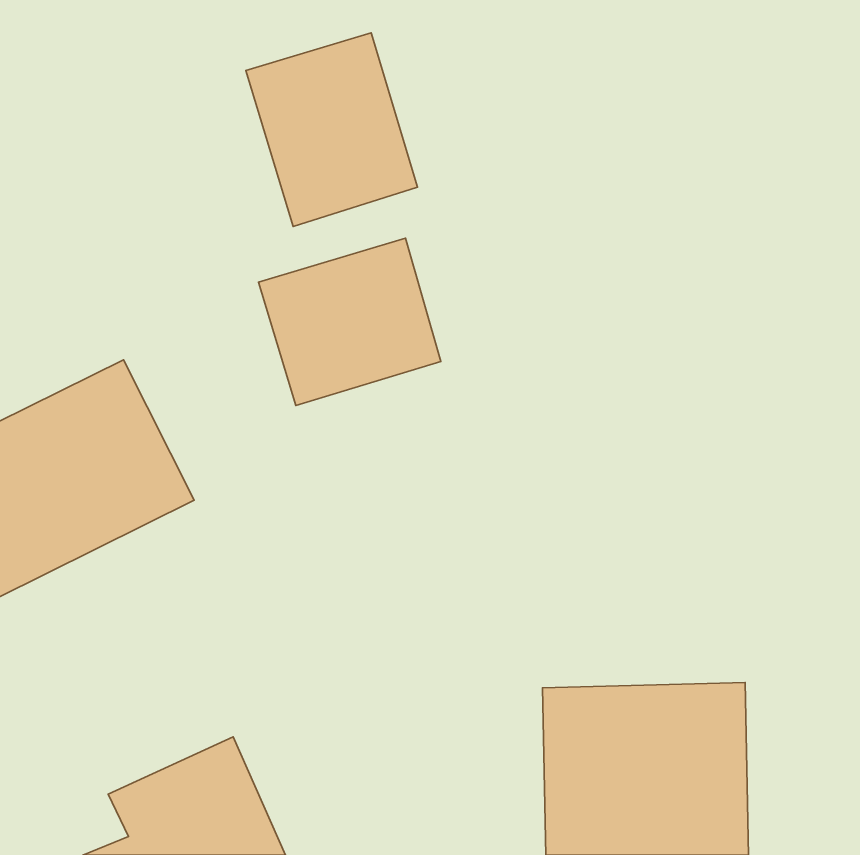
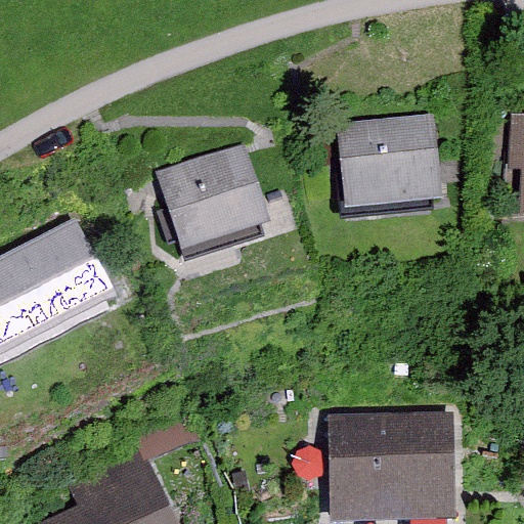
building: [246,33,417,227] -> none
building: none -> [338,115,442,210]

